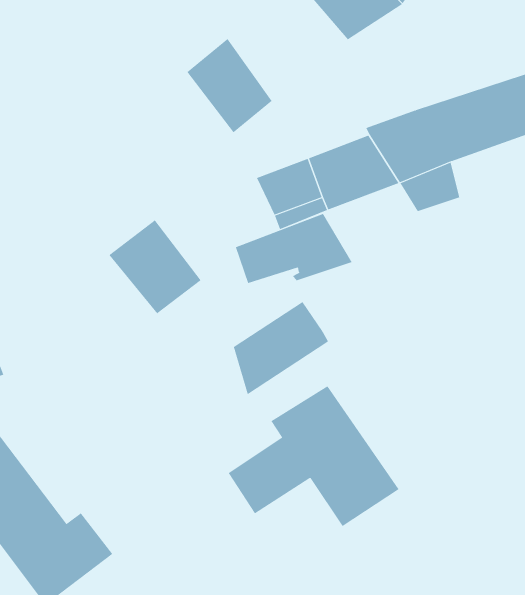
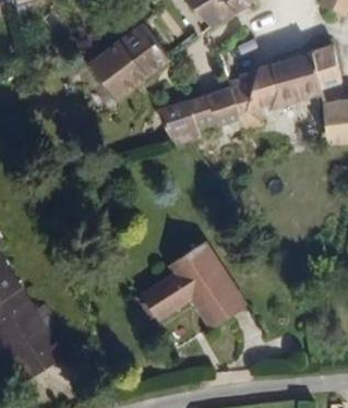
building: [235,213,353,284] -> none
building: [109,219,202,314] -> [87,49,144,107]
building: [233,301,329,395] -> none

